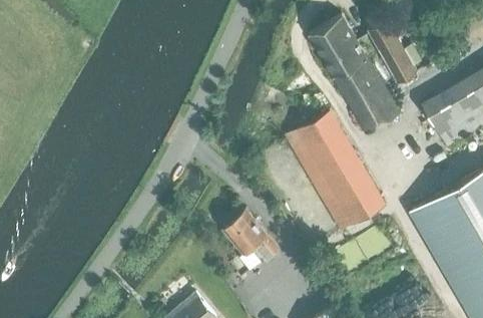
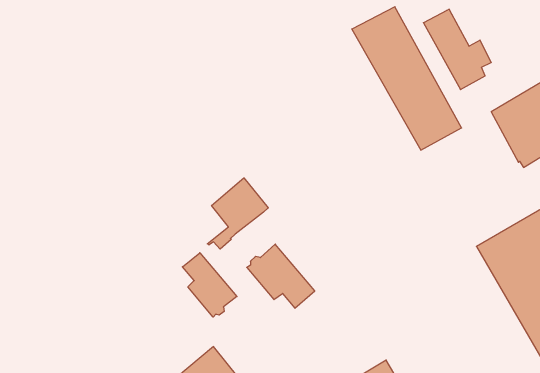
building: [285,109,387,232] -> none
building: none -> [207,178,268,249]
building: none -> [182,253,237,317]

